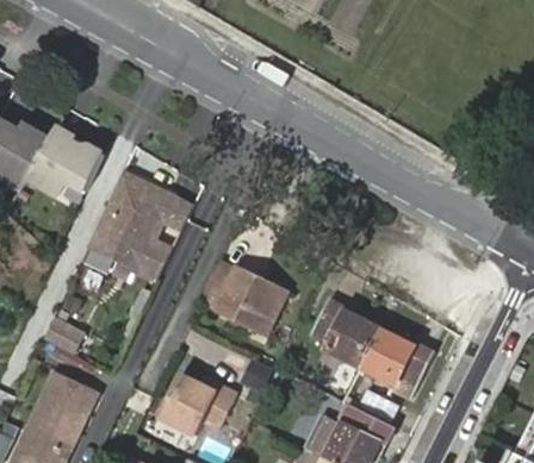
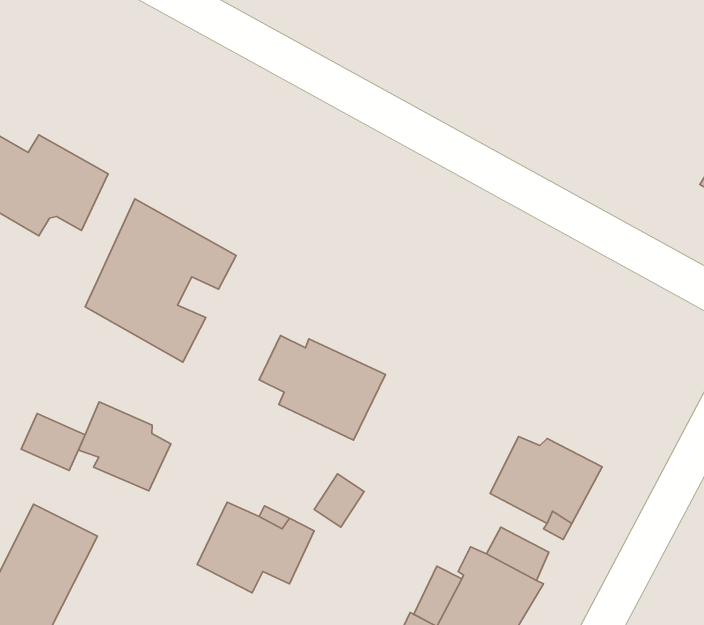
building: [310,299,377,369] -> none
building: none -> [79,402,171,491]

